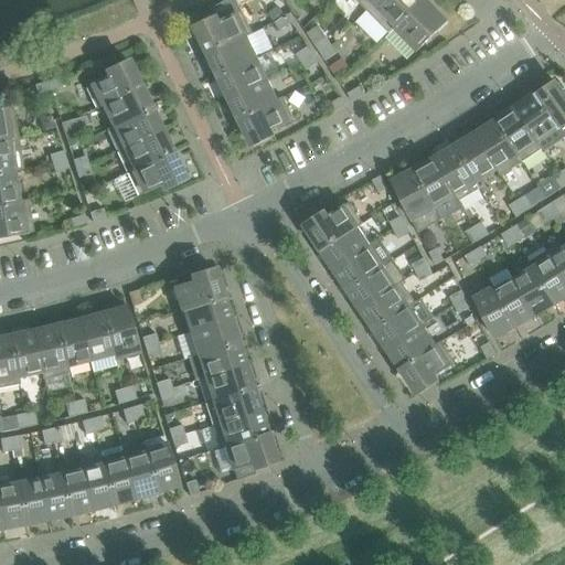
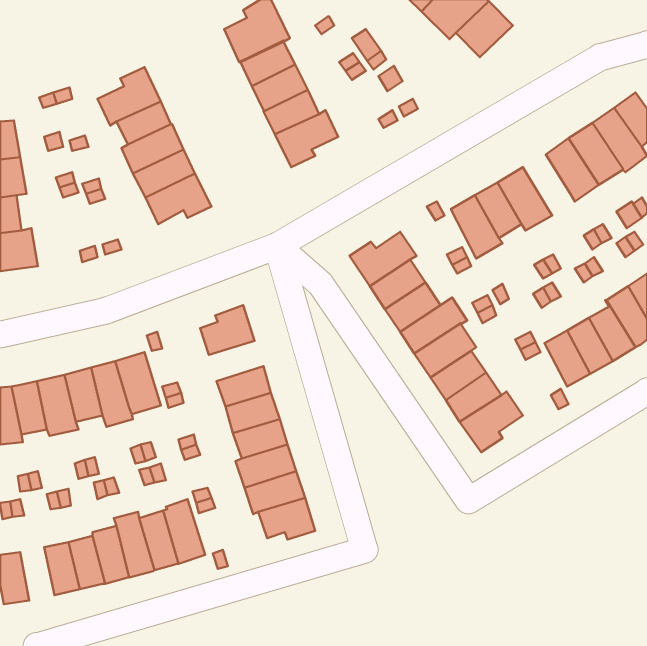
building: [456,135,498,182] -> none
building: [182,297,230,332] -> none
building: [18,477,47,523] -> none

